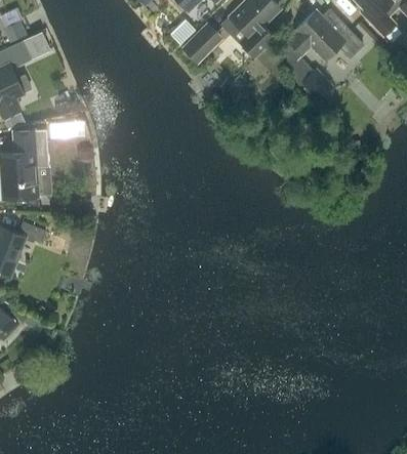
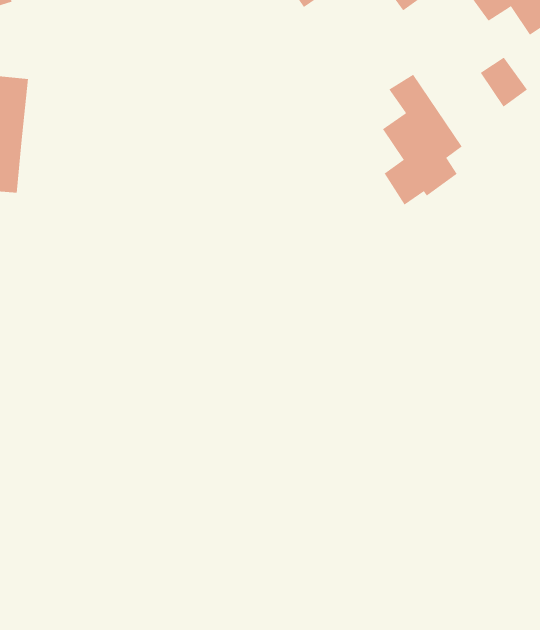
building: none -> [382,74,463,206]

